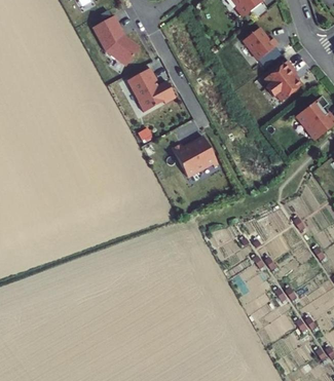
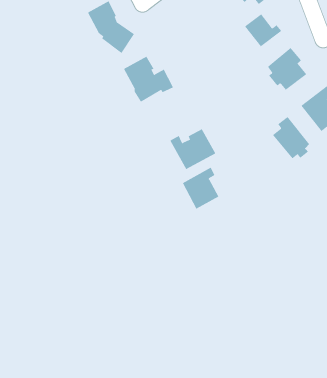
building: none -> [272,116,310,159]
building: none -> [182,167,219,210]

